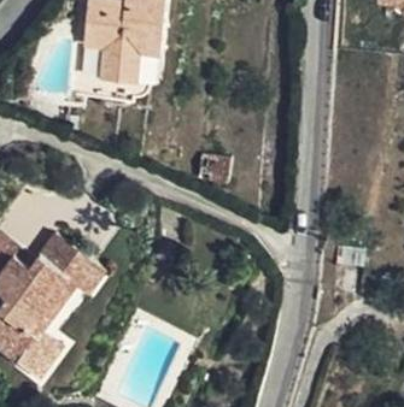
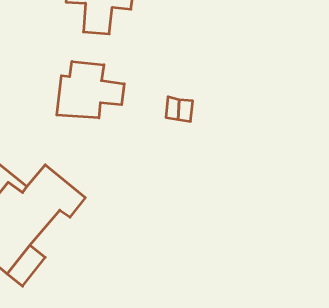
building: none -> [57,61,124,118]

